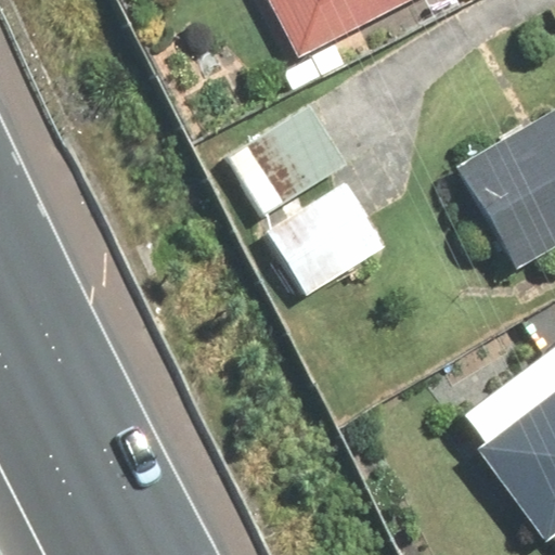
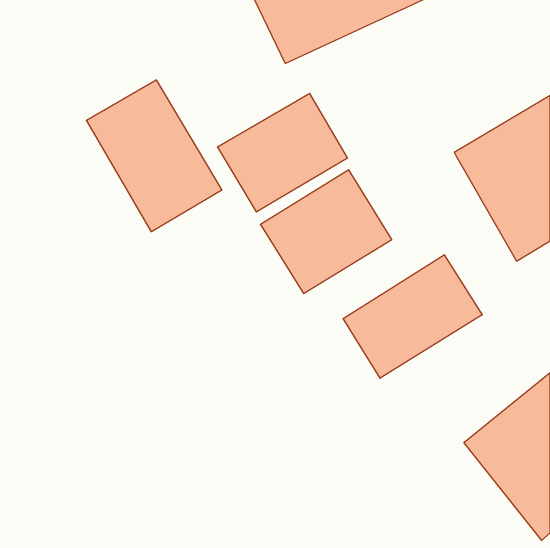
building: none -> [86,80,222,232]
building: none -> [343,255,482,378]

